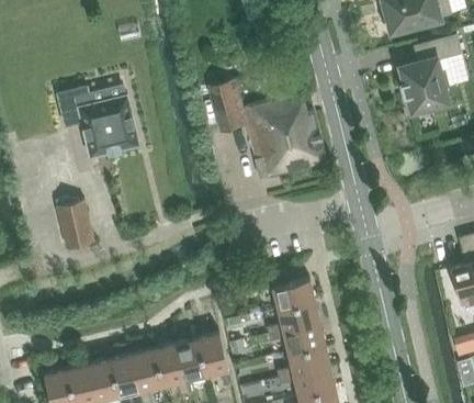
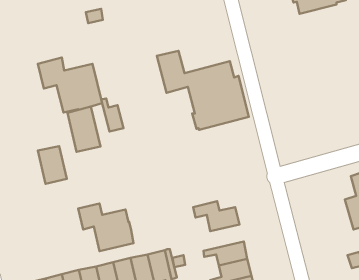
building: [400,36,461,114] -> none
building: none -> [101,99,123,132]
building: none -> [67,107,100,152]
building: none -> [78,204,133,251]
building: [267,301,320,335] -> none

